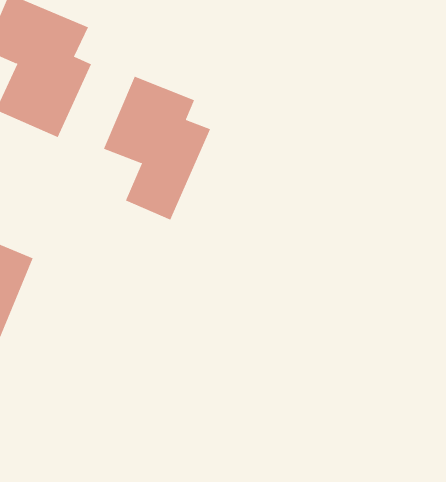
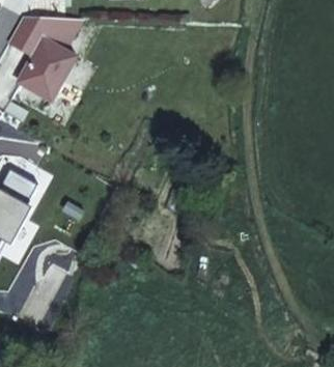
building: [103,76,211,221] -> none

